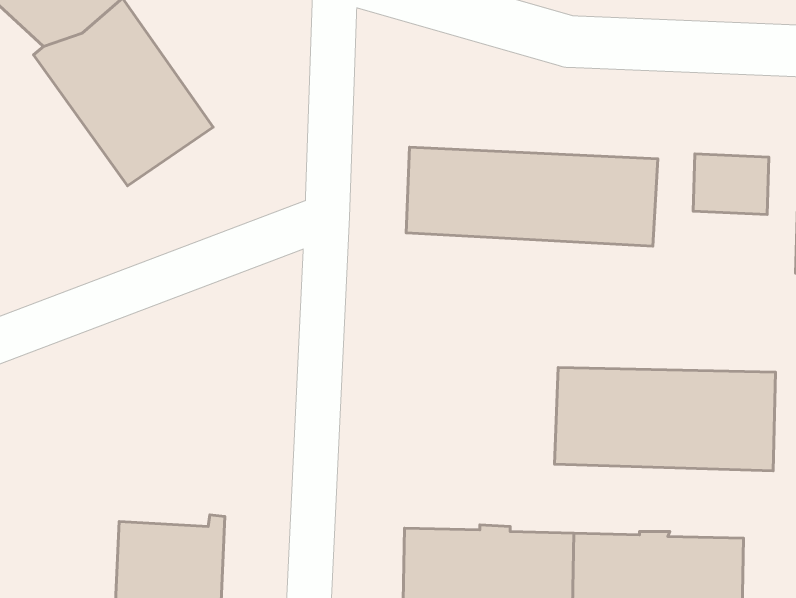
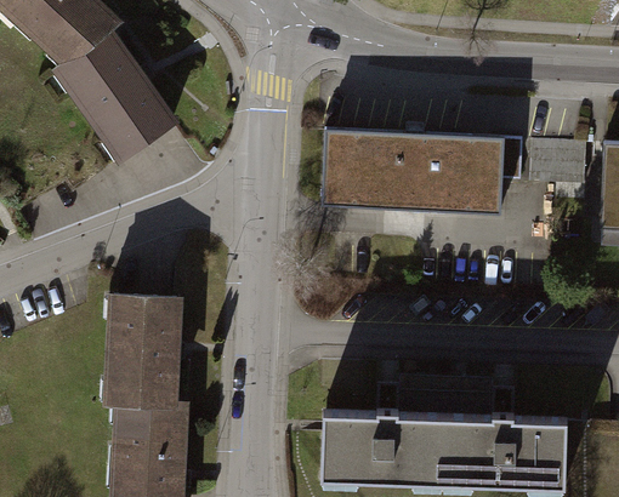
building: none -> [103,295,184,412]
building: [555,368,775,471] -> none

